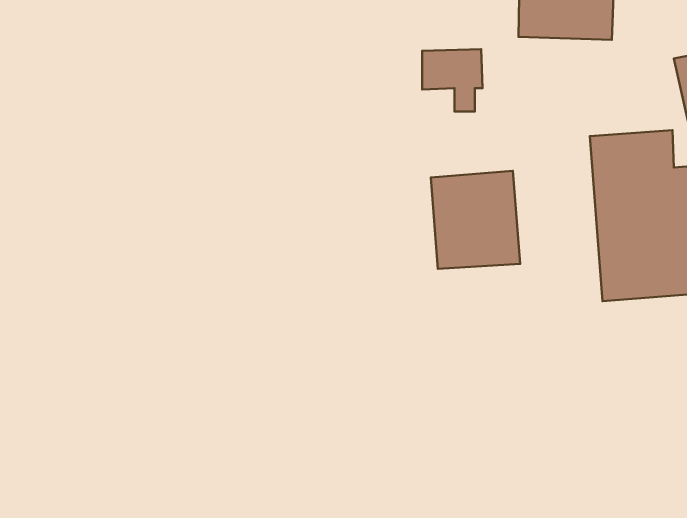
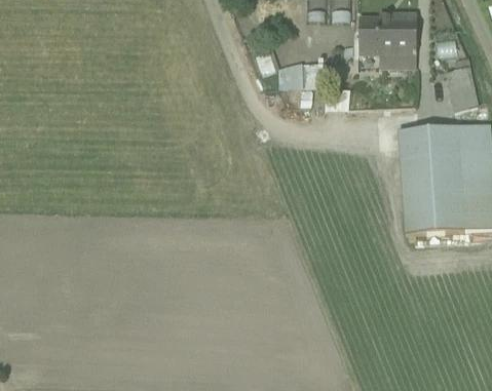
building: [431,171,520,269] -> none

